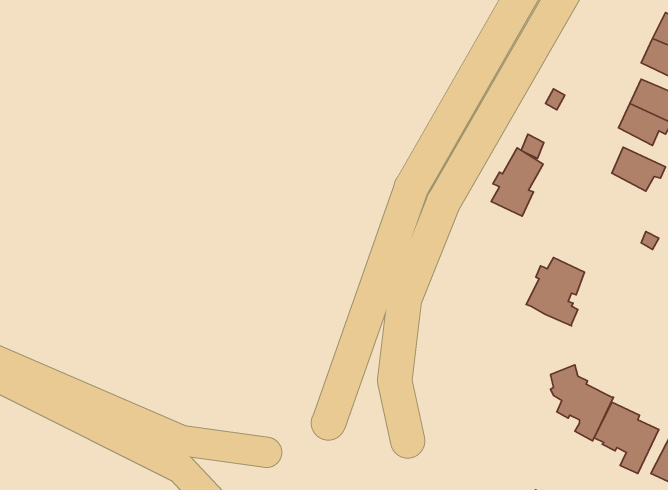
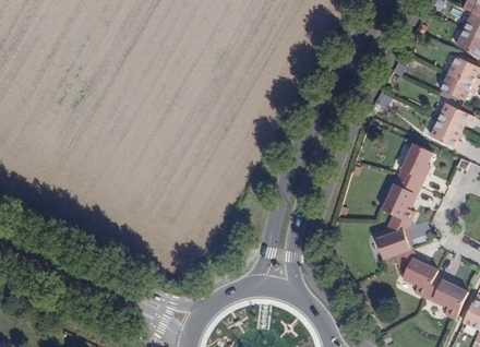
building: [491,148,543,216] -> [398,140,433,186]
building: none -> [430,119,461,148]
building: none -> [374,214,412,259]

